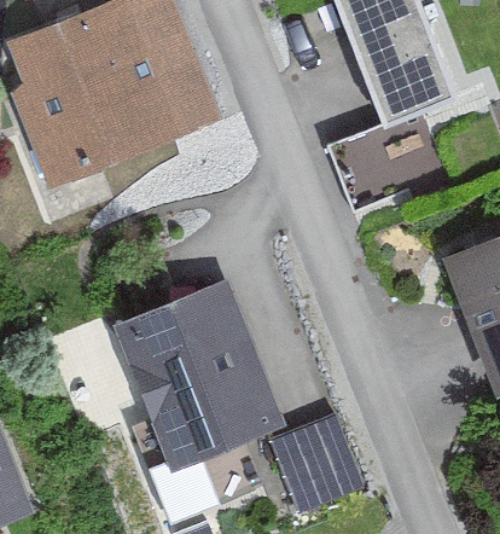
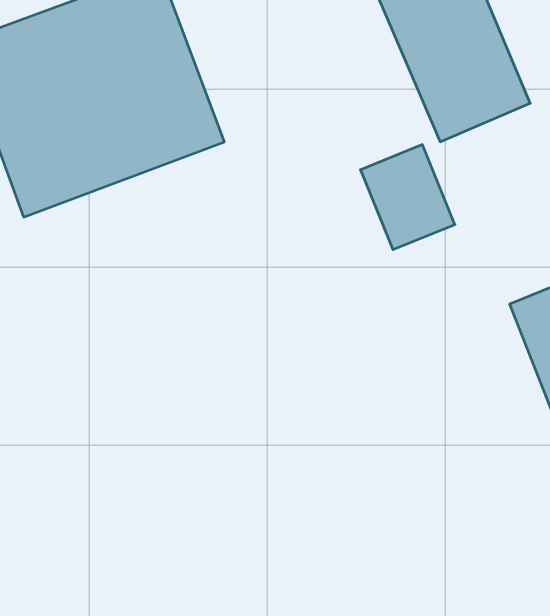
building: [123,281,284,465] -> none
building: [268,418,356,507] -> none

